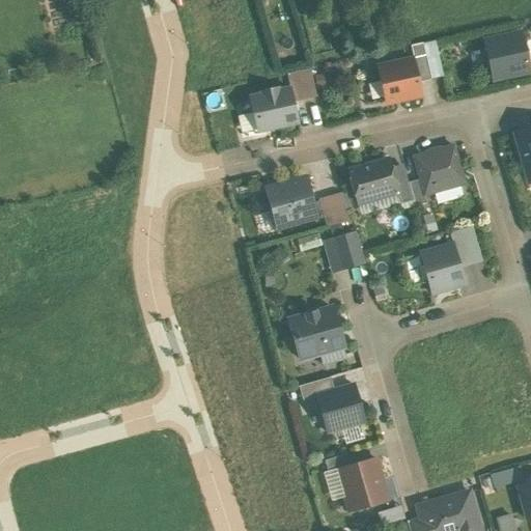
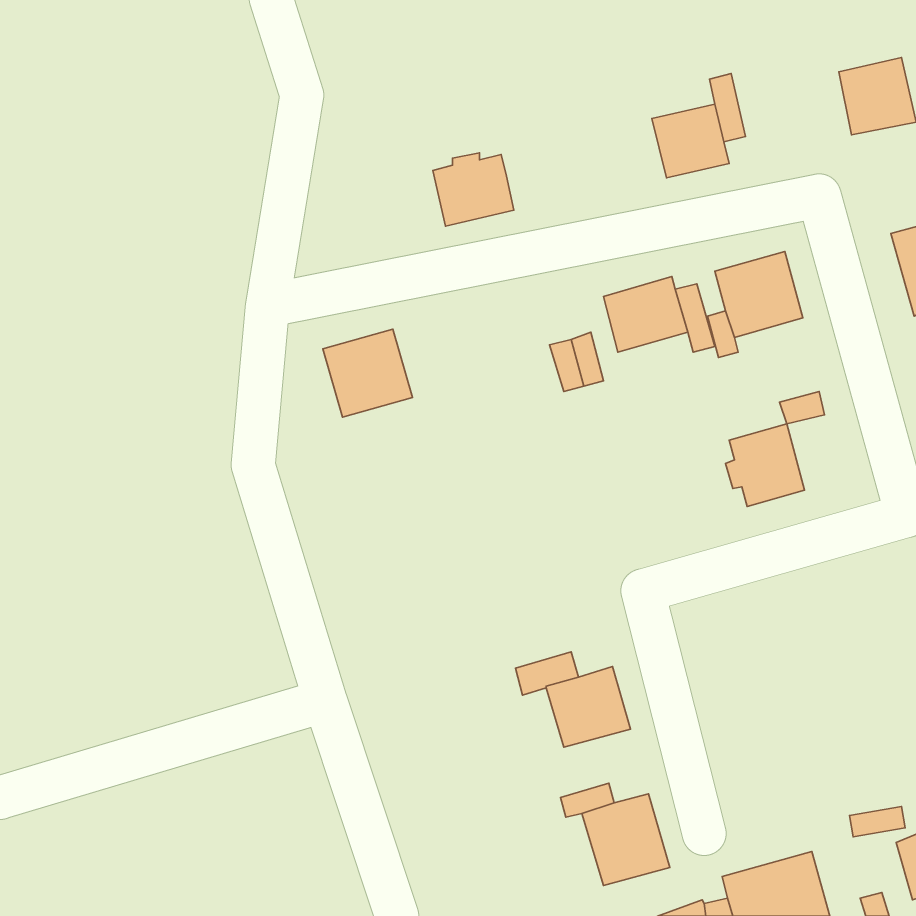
building: [287,68,317,102] -> none
building: [266,177,317,228] -> [323,329,412,417]
building: [332,231,365,271] -> none
building: [289,307,343,360] -> none

